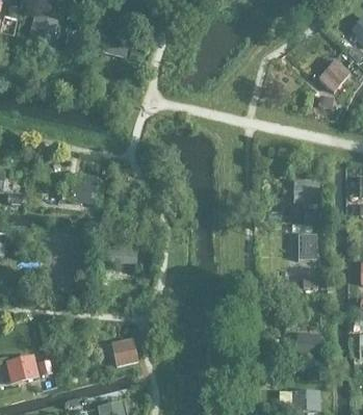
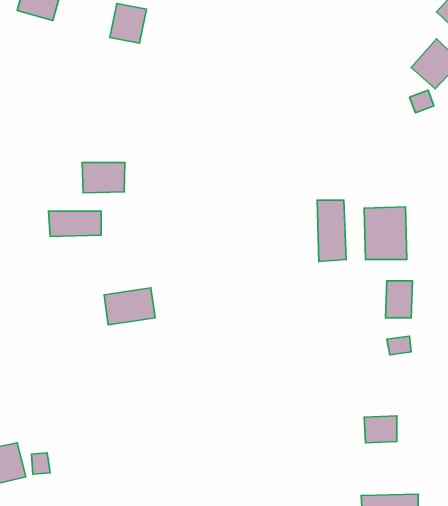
building: none -> [82,163,125,193]
building: none -> [317,200,346,261]
building: [113,337,141,367] -> none

